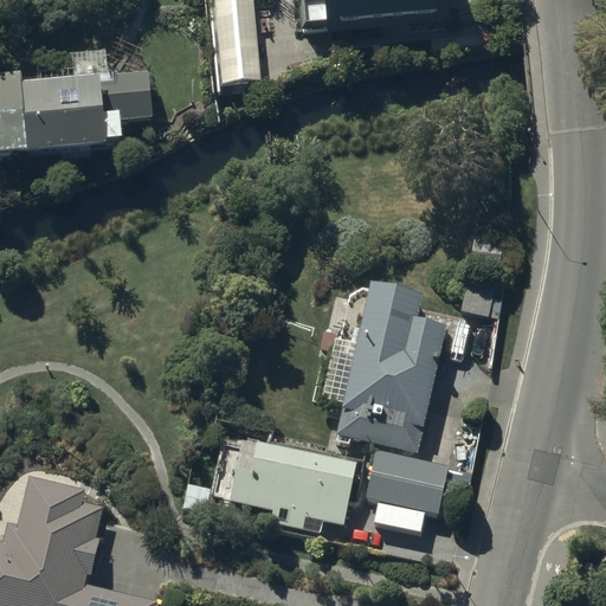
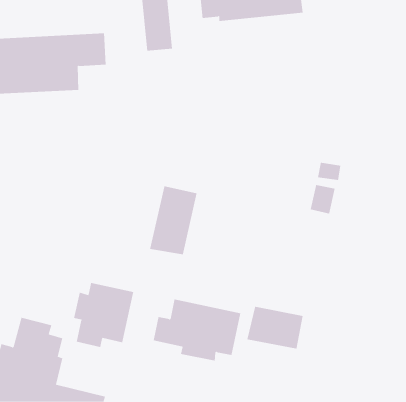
building: none -> [150,185,197,255]
building: [336,286,446,454] -> none
building: none -> [74,282,134,348]

